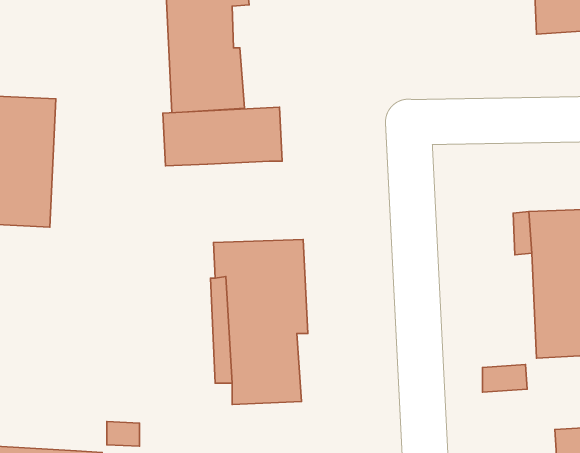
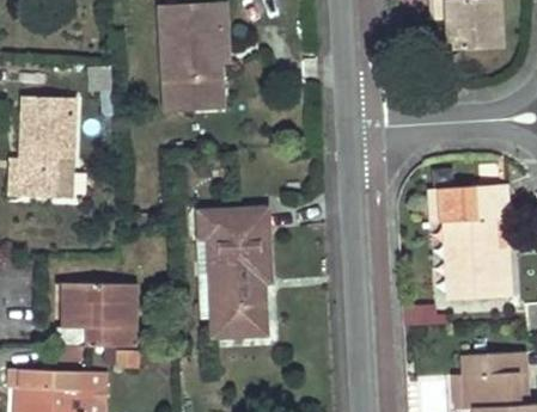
building: [163,107,282,166] -> none
building: none -> [56,284,135,348]

